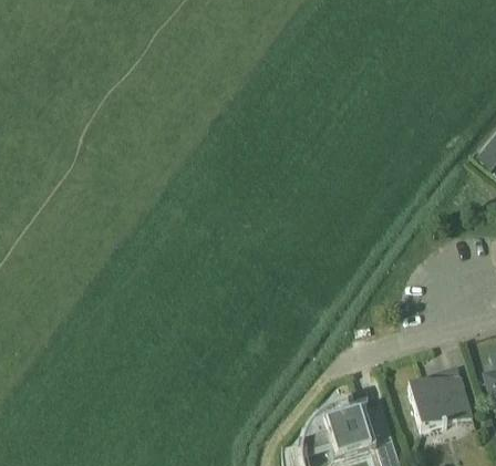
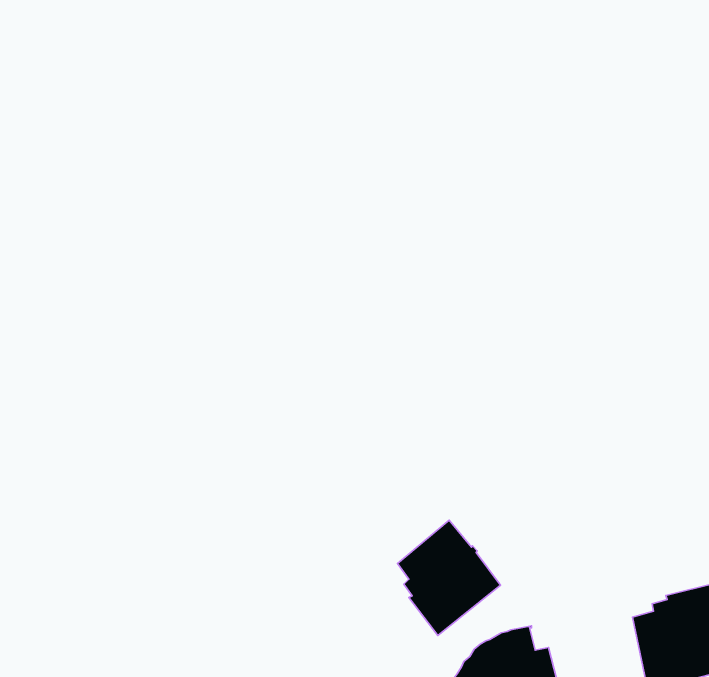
building: none -> [397,520,501,635]

